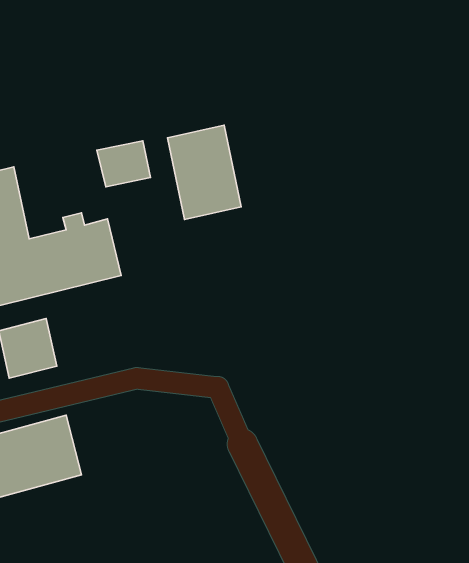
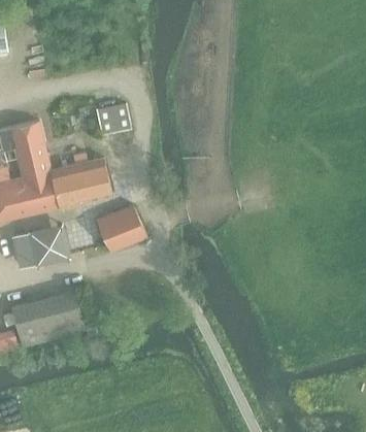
building: [167,125,241,220] -> none
building: none -> [95,204,146,251]

